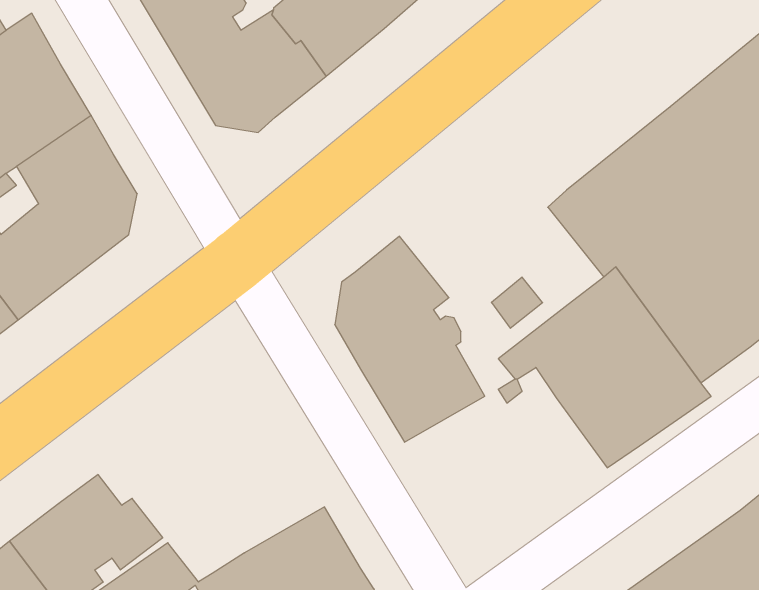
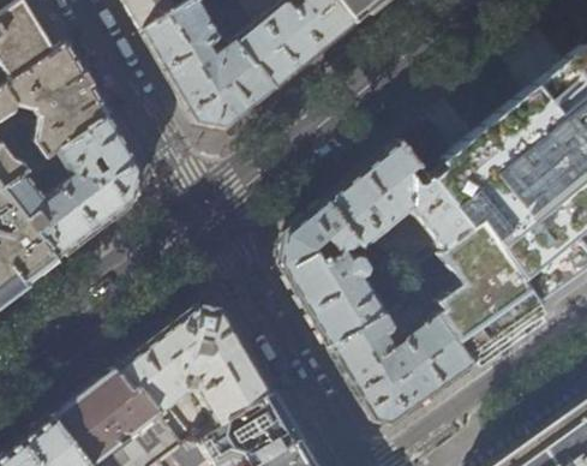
building: none -> [327,142,471,249]
building: none -> [114,305,274,444]
building: none -> [330,313,473,423]

